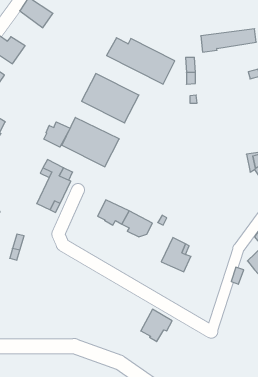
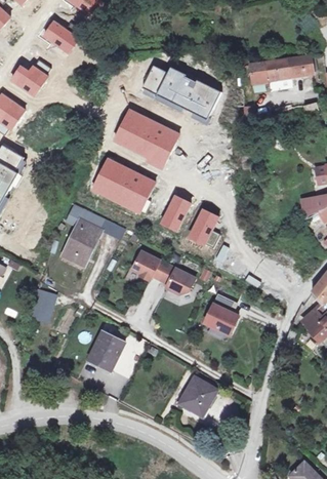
building: [44,122,70,147] -> none
building: none -> [159,195,191,232]
building: none -> [188,208,218,245]
building: none -> [88,331,124,370]

